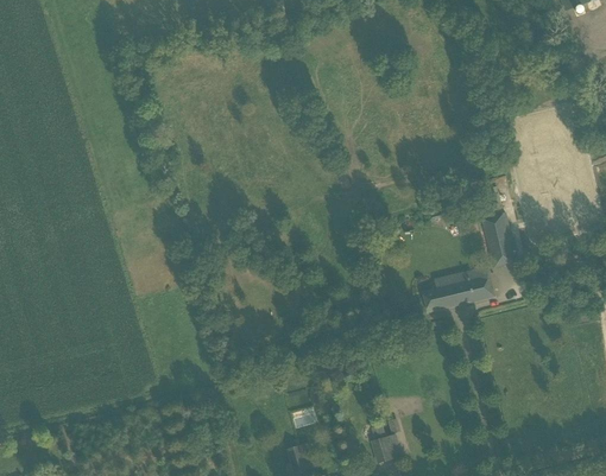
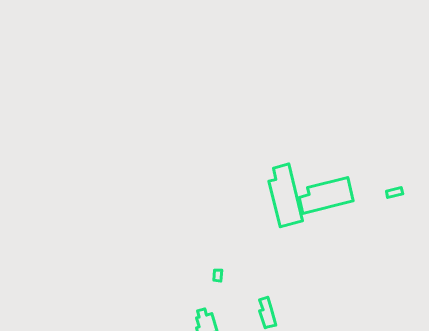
building: [481,215,515,269] -> none
building: none -> [269,164,303,227]

